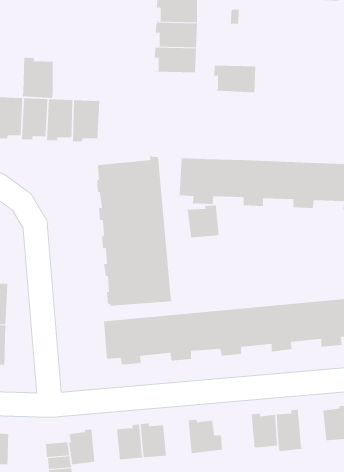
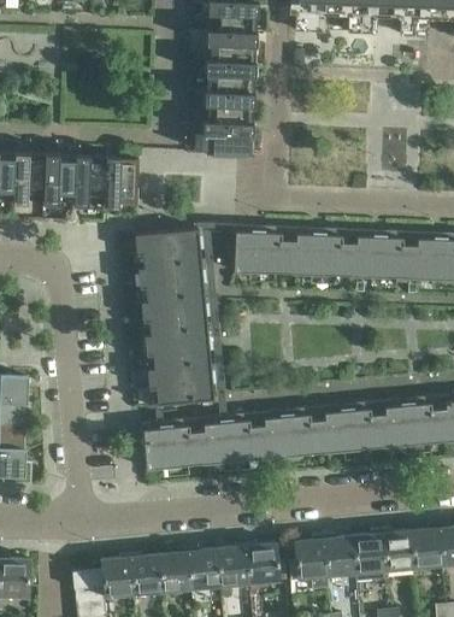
building: [22,57,53,99] -> none
building: [213,65,256,93] -> [201,123,253,157]
building: [187,204,219,238] -> none
building: none -> [377,530,409,572]
building: none -> [288,536,328,589]
building: none -> [214,543,247,587]
building: none -> [128,553,160,594]

